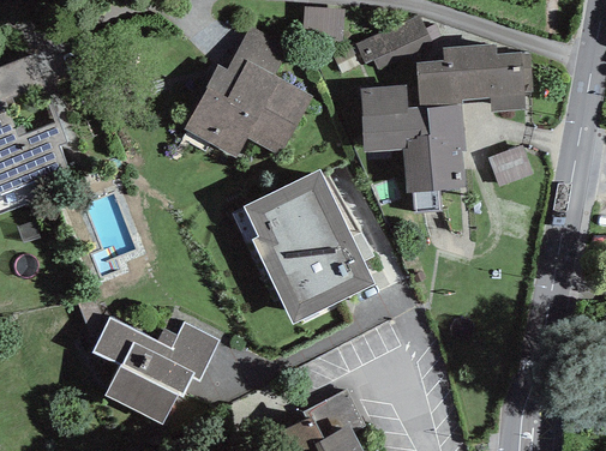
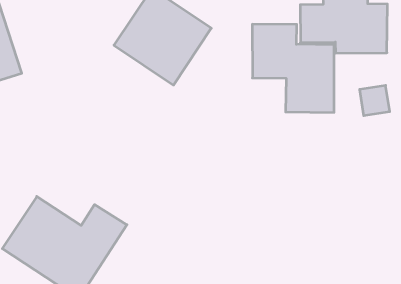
building: [233,166,374,323] -> none

